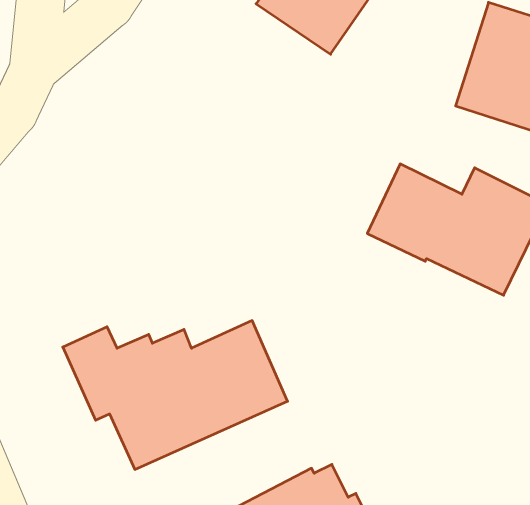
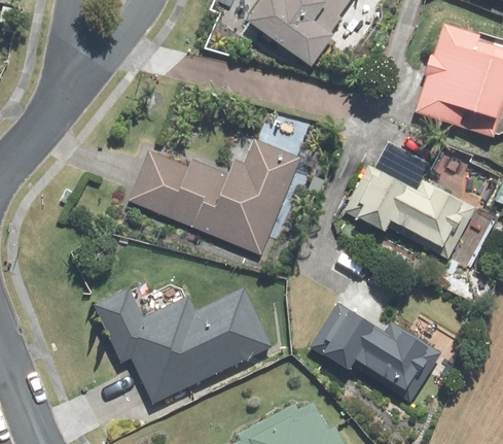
building: none -> [128,138,301,255]
building: none -> [314,306,465,403]

